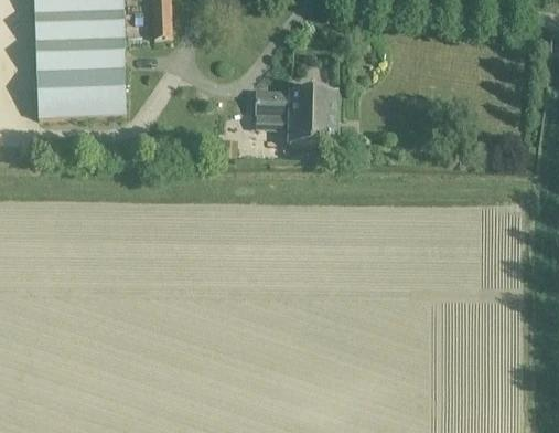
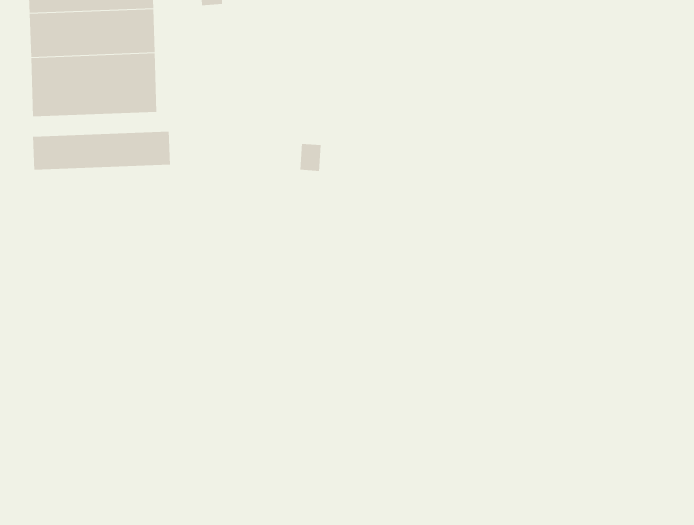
building: [257,87,337,140] -> none
building: none -> [33,131,171,170]

